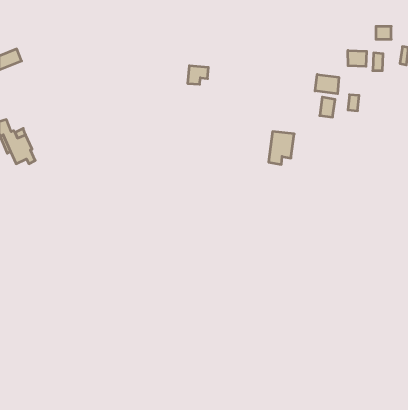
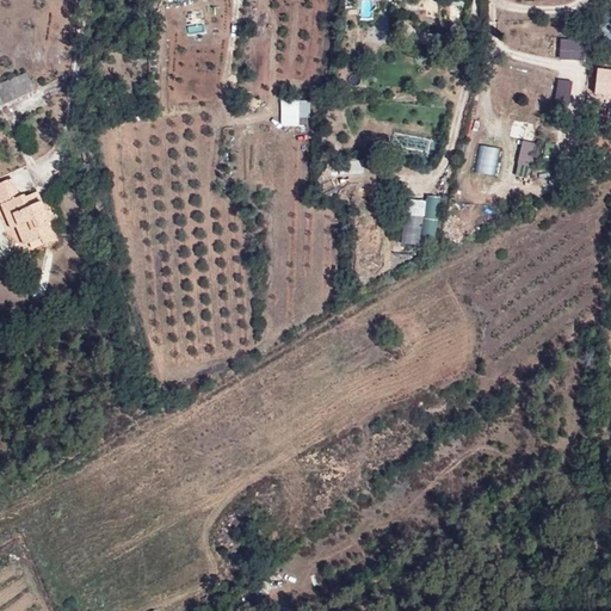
building: [348,50,367,66] -> none
building: [315,74,339,94] -> none

